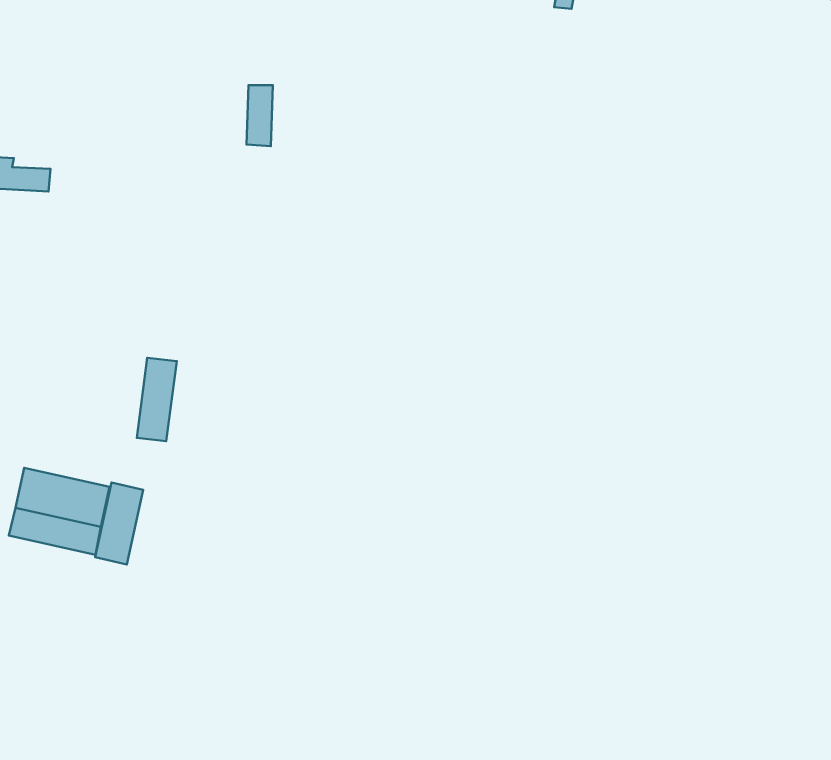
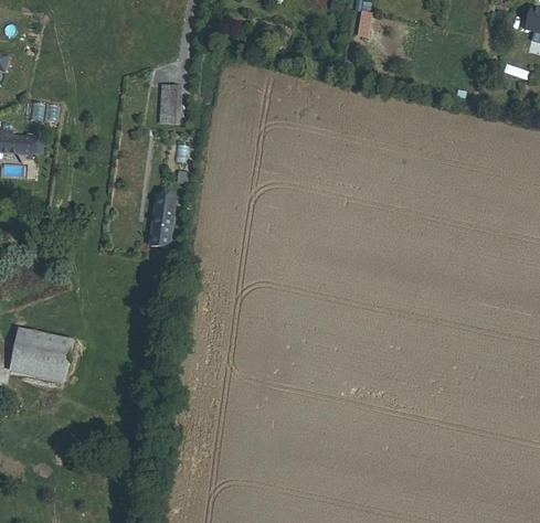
building: [137,358,177,441] -> [150,196,176,249]
building: [95,483,143,564] -> none

